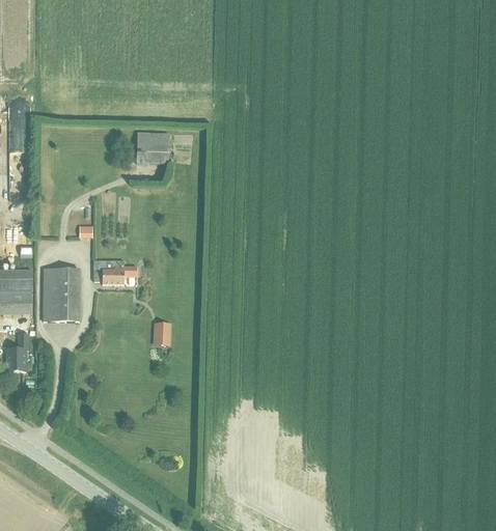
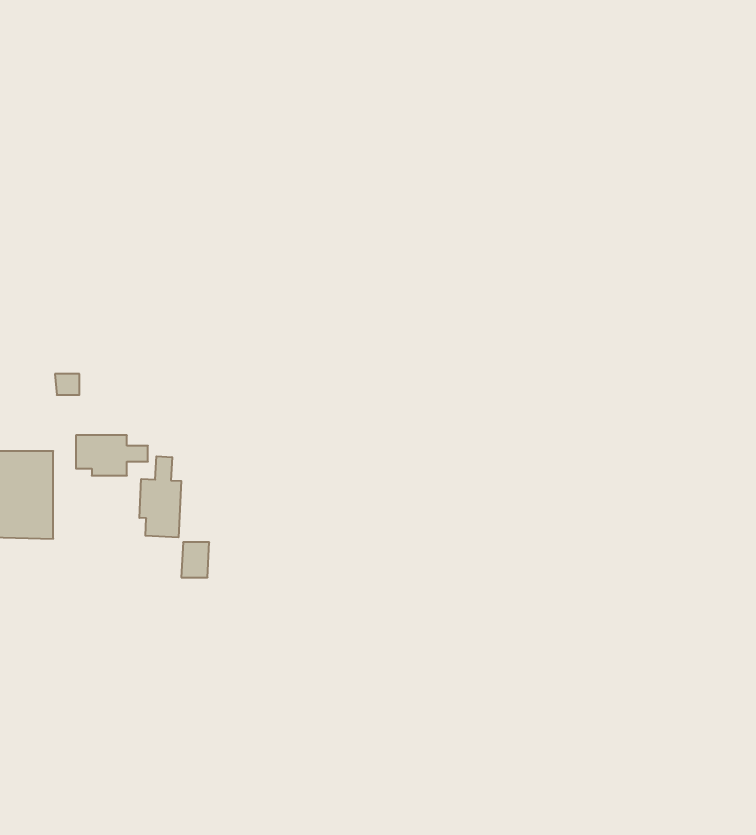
building: [136,132,168,164] -> none
building: none -> [139,456,181,537]

